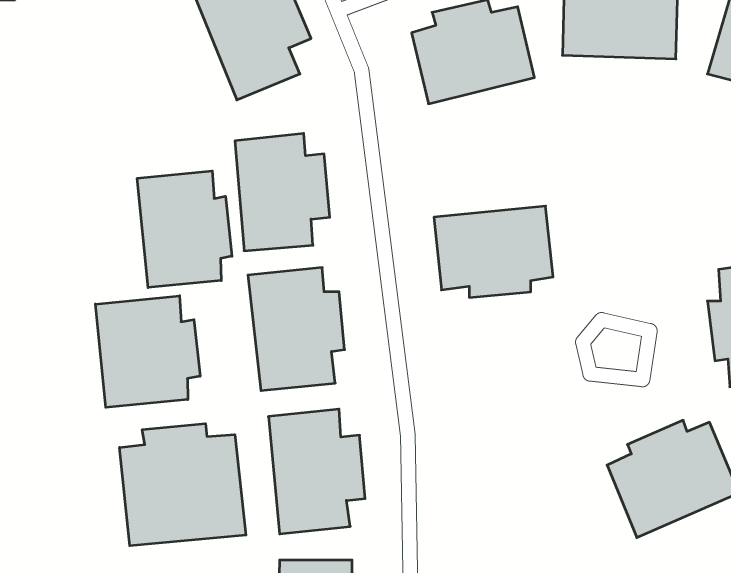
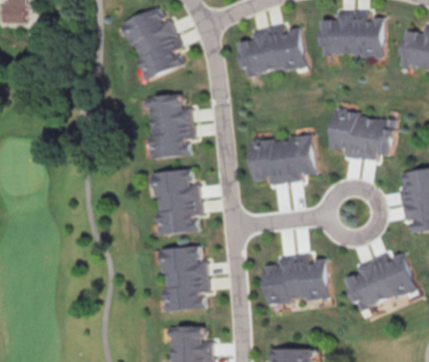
building: none -> [330,109,397,160]
building: [137,171,232,288] -> none
building: [95,296,200,407] -> none
building: [120,424,246,546] -> none
building: none -> [265,253,330,307]

